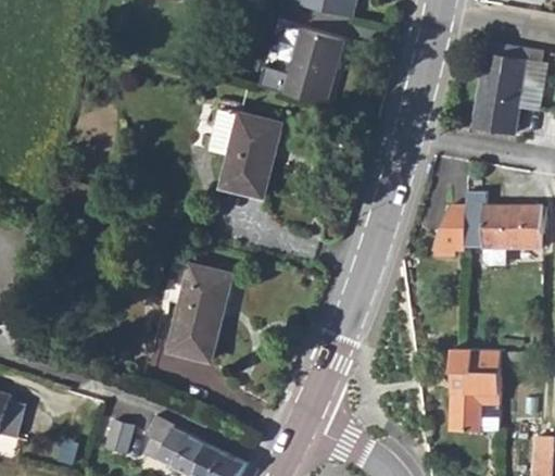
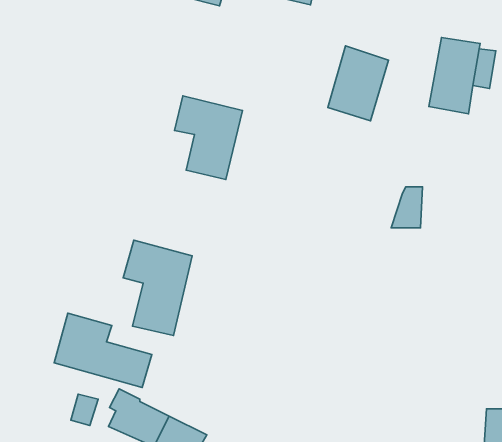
building: [280,28,343,107] -> [328,46,388,121]
building: [487,203,542,263] -> none
building: none -> [54,313,152,388]
building: [449,351,502,434] -> none

